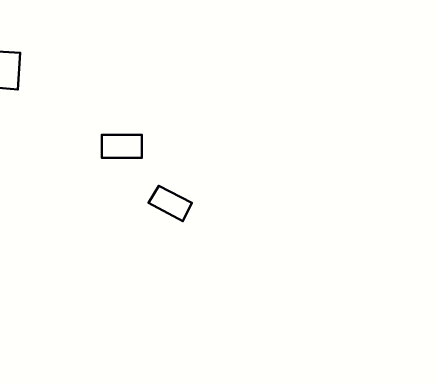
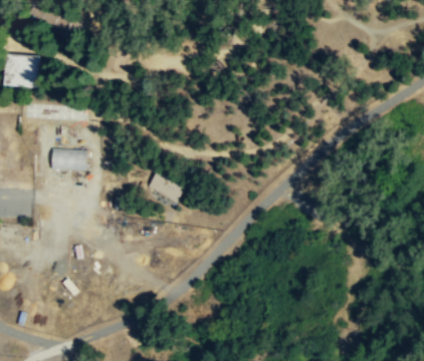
building: [102,135,142,158] -> [53,148,88,168]

